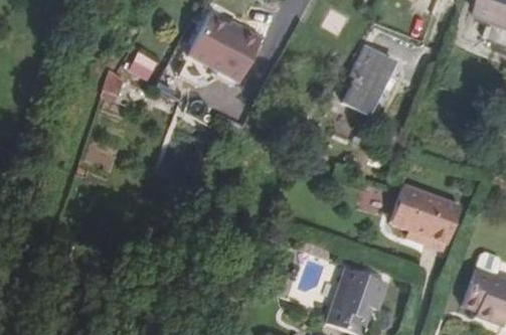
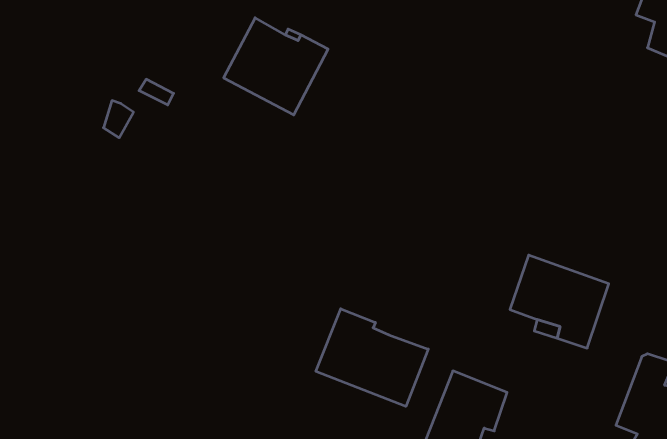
building: [338,45,396,117] -> none
building: none -> [316,309,428,406]

